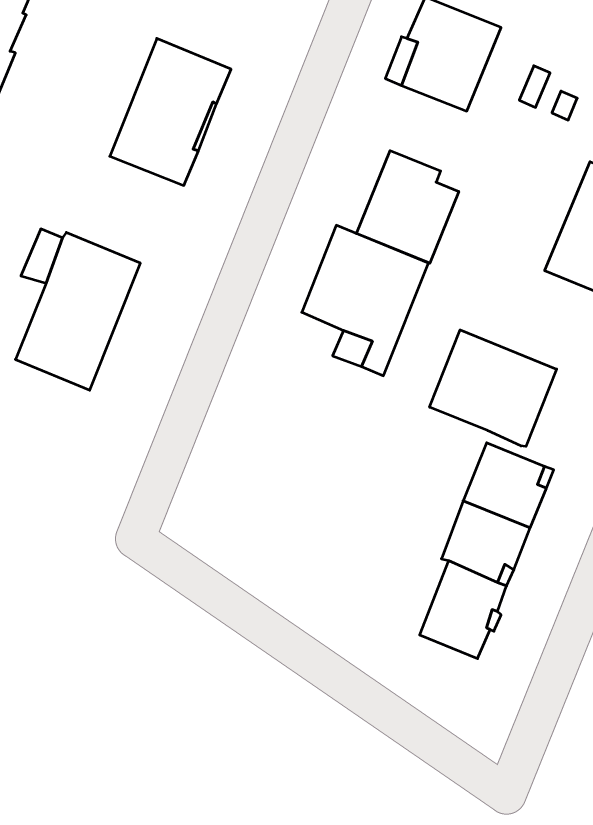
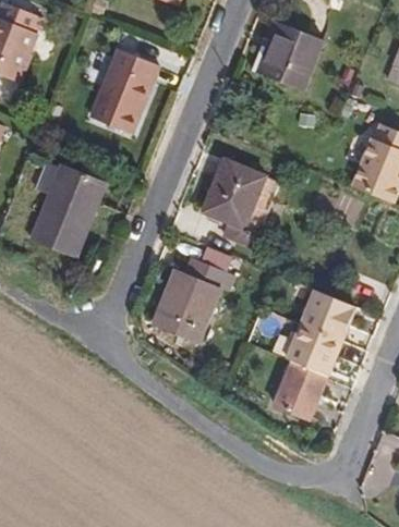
building: [356,151,459,263] -> none
building: [430,330,557,446] -> none
building: none -> [153,255,226,342]

